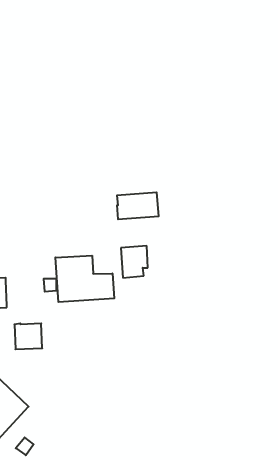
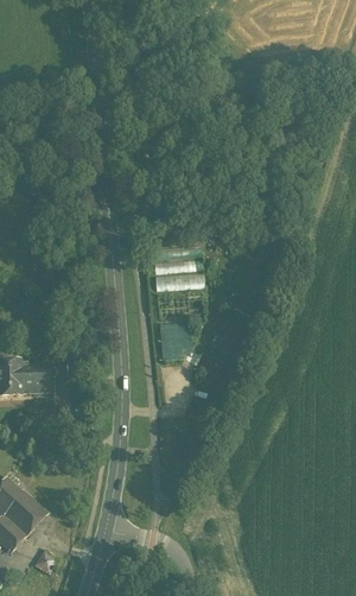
building: [55,256,114,302] -> none
building: [14,323,42,349] -> [19,361,52,392]

